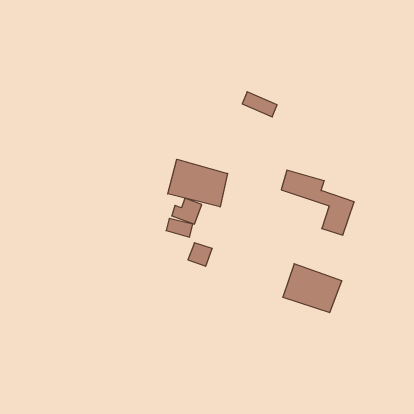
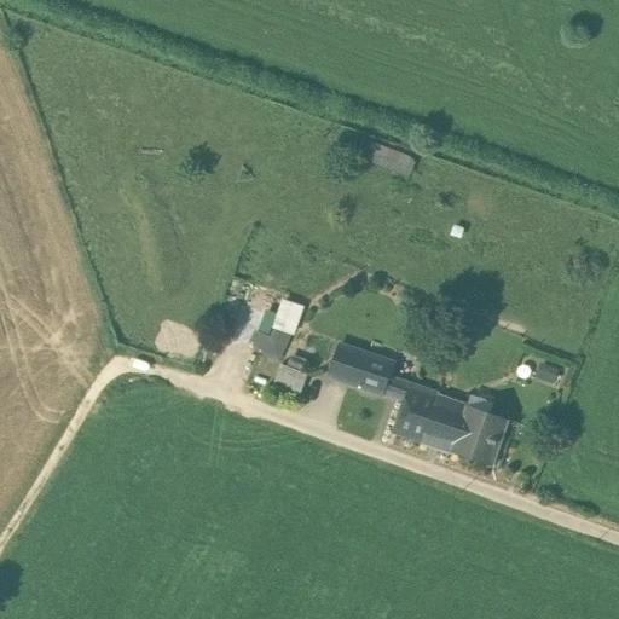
building: [168,159,228,207] -> none
building: [281,170,354,235] -> [330,346,439,442]

